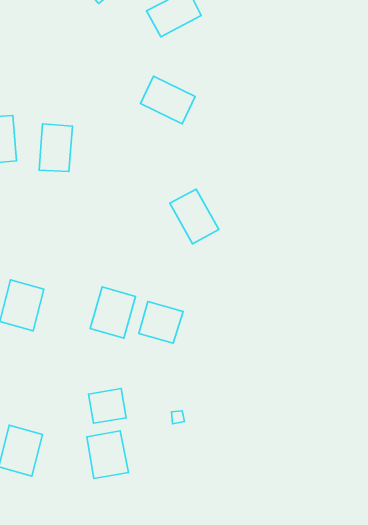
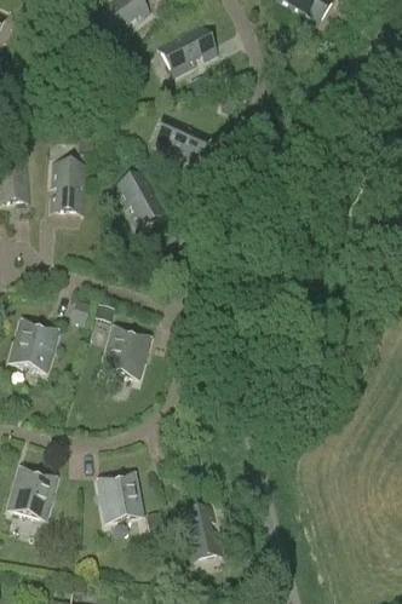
building: [170,189,219,244] -> [116,168,166,224]
building: [139,301,183,343] -> none
building: [89,388,126,423] -> none
building: none -> [182,505,223,557]

